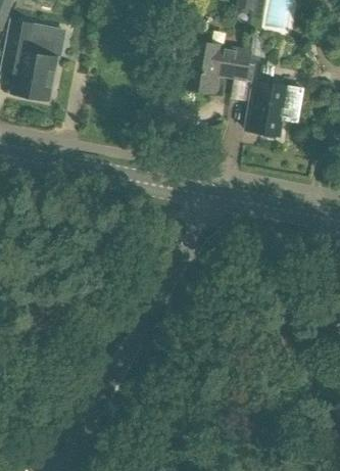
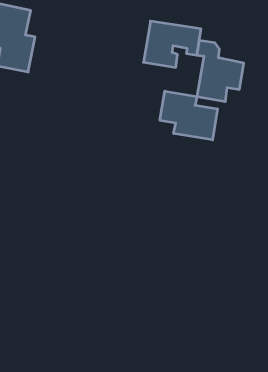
building: none -> [160,91,217,140]

